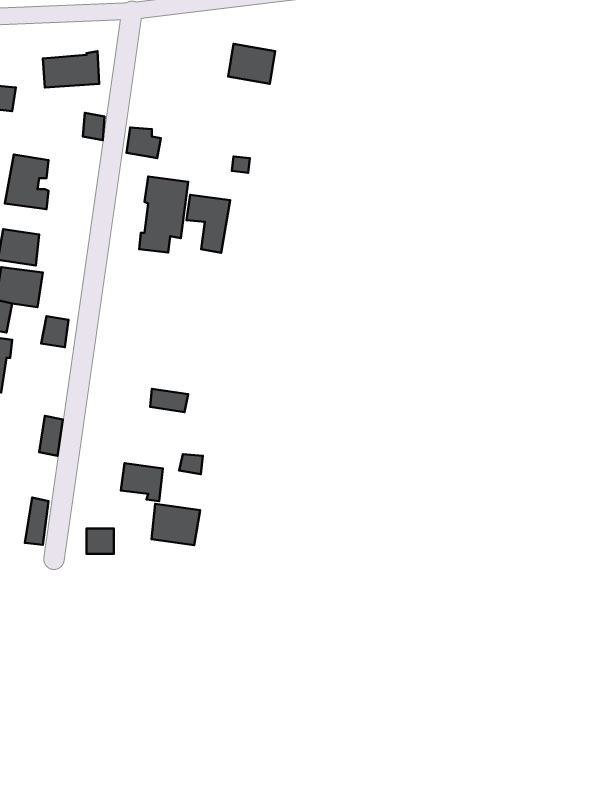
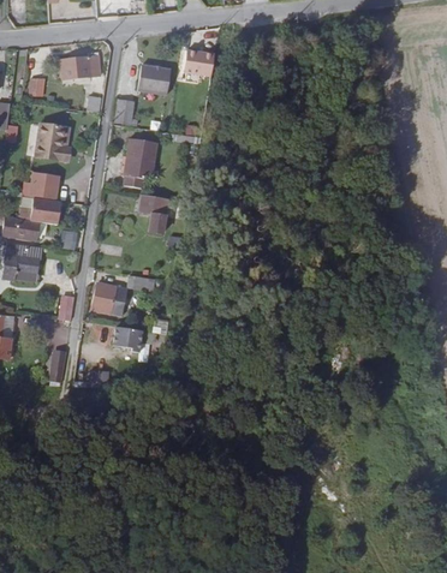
building: none -> [137,64,171,94]
building: [187,195,230,253] -> [138,193,167,232]
building: none -> [94,285,127,322]
building: [151,504,200,545] -> none

